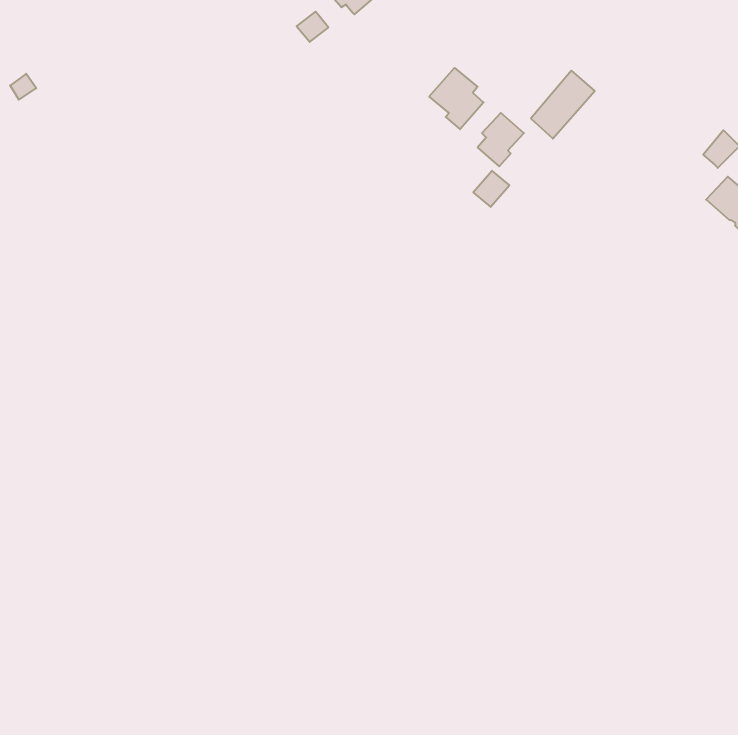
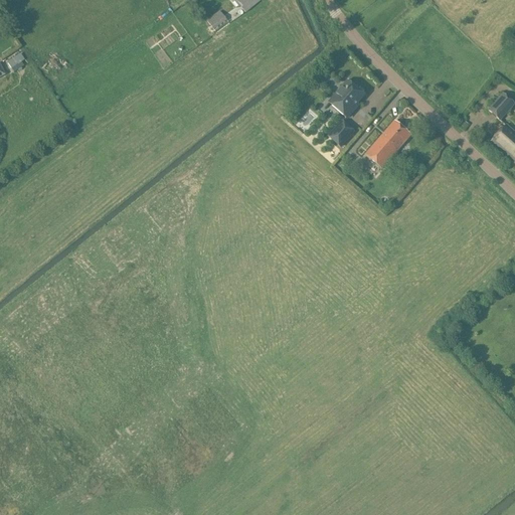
building: [429,68,484,129] -> none
building: [531,71,595,139] -> [367,119,411,166]

